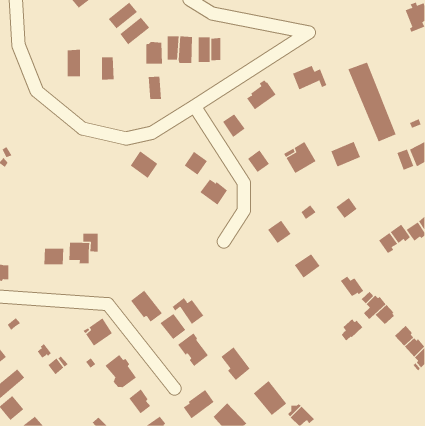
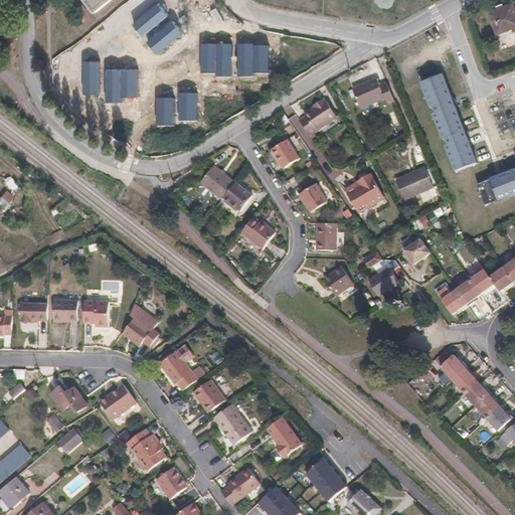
building: [145,42,163,64] -> [154,98,175,125]
building: none -> [105,68,122,101]
building: [130,151,158,179] -> [198,167,232,201]
building: none -> [315,219,336,247]
building: none -> [121,302,158,343]
building: none -> [18,304,46,323]
building: [294,253,321,279] -> [367,263,399,293]
building: [340,276,364,297] -> [438,288,467,313]
building: [172,297,204,325] -> none
building: [341,318,363,342] -> [462,380,489,408]
building: none -> [50,386,88,411]

